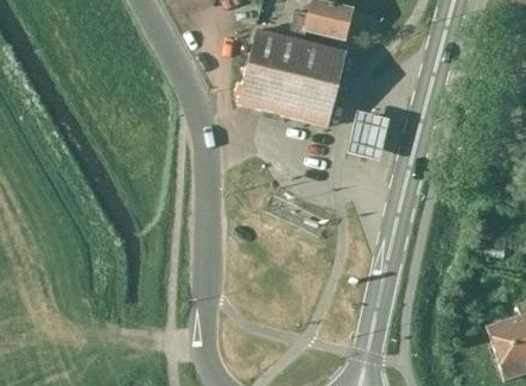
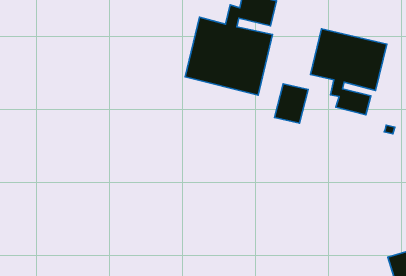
building: none -> [310,29,387,115]

